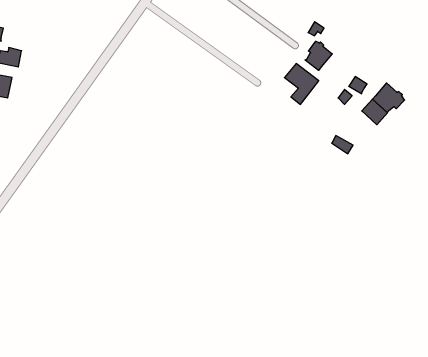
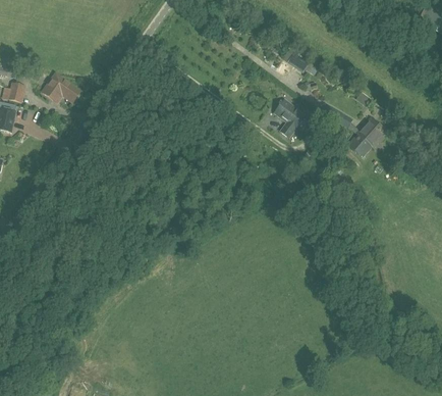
building: none -> [43,73,80,101]
building: [305,41,332,70] -> none

